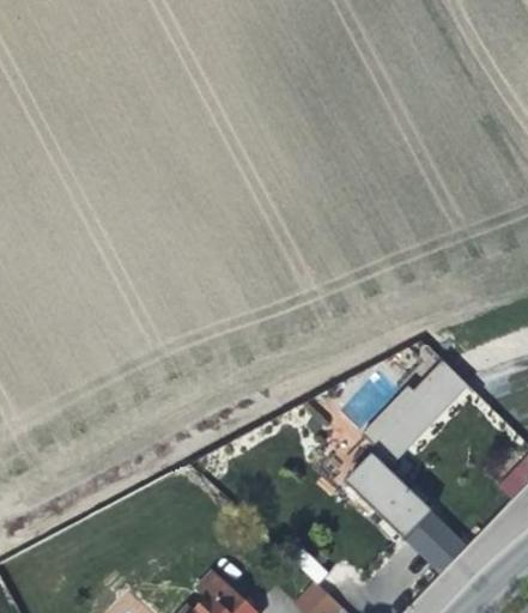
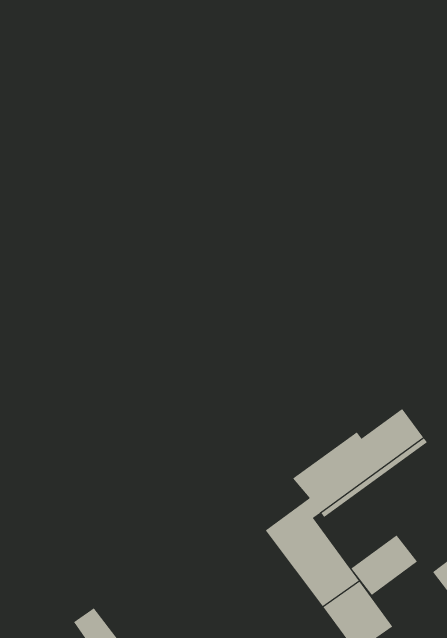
building: none -> [350,534,418,596]

